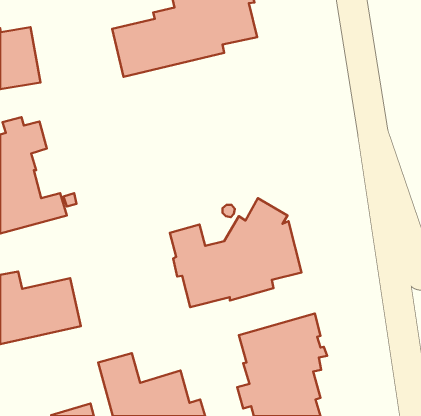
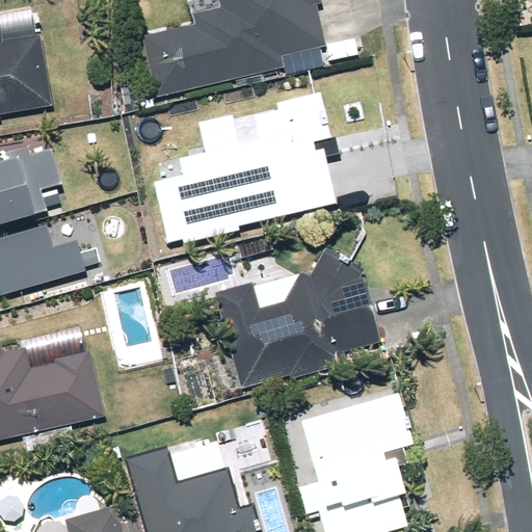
building: none -> [152,96,338,244]

